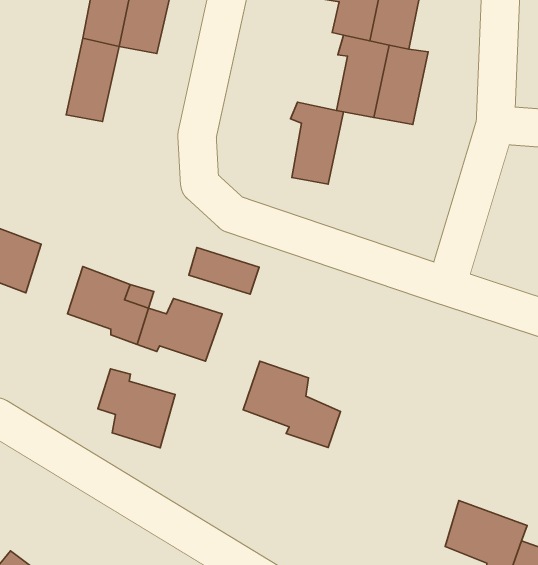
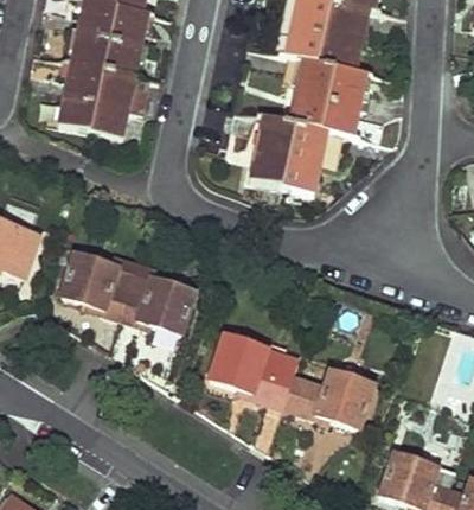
building: none -> [90,65,141,135]
building: none -> [282,121,334,189]
building: [189,248,259,294] -> none
building: [98,369,175,448] -> none
building: none -> [282,371,371,428]

